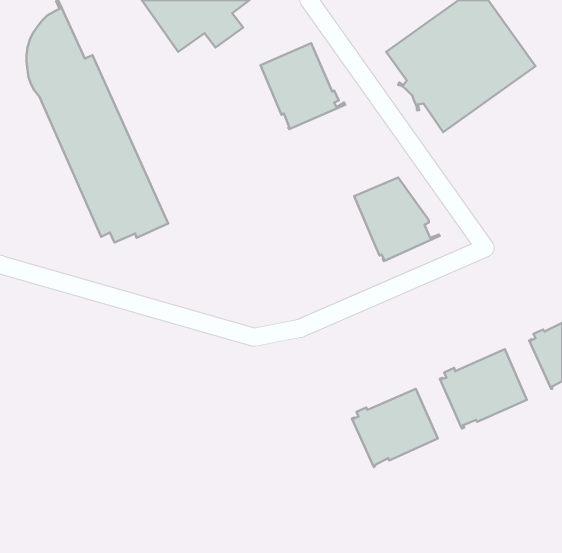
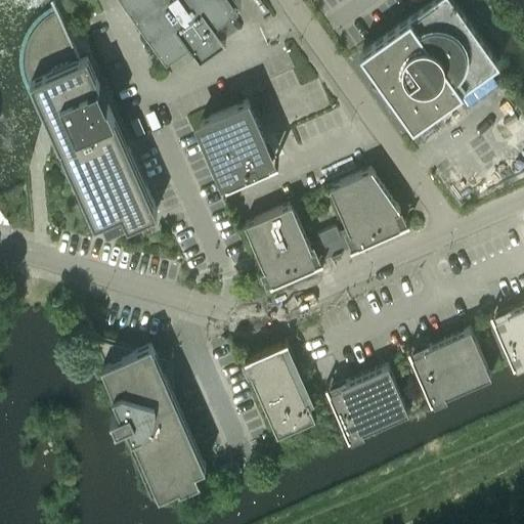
building: [261,43,345,129] -> [200,107,278,187]
building: none -> [244,209,353,290]
building: none -> [89,343,205,499]
building: none -> [244,349,314,439]

